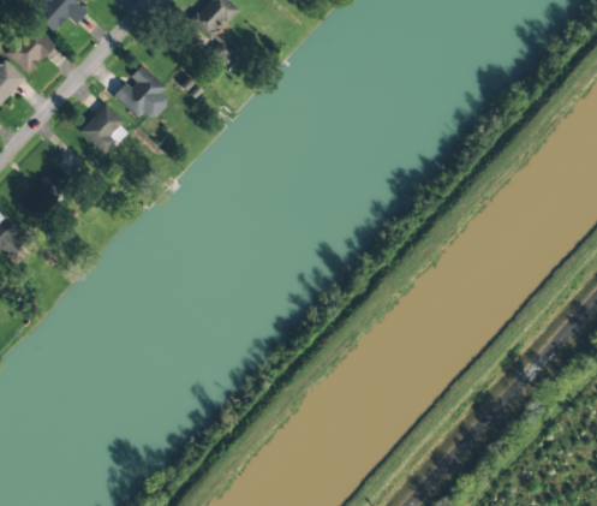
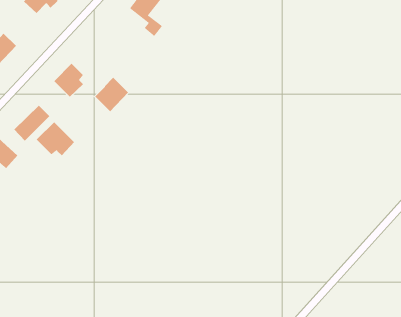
building: [7,26,55,73] -> none
building: [114,66,165,118] -> [94,77,129,112]
building: none -> [36,121,75,156]

